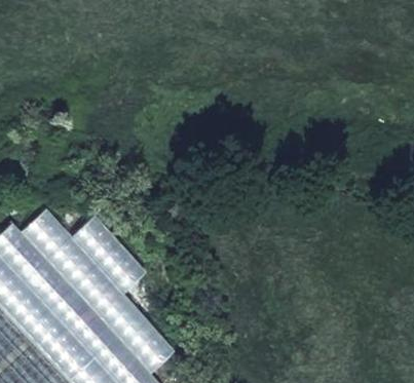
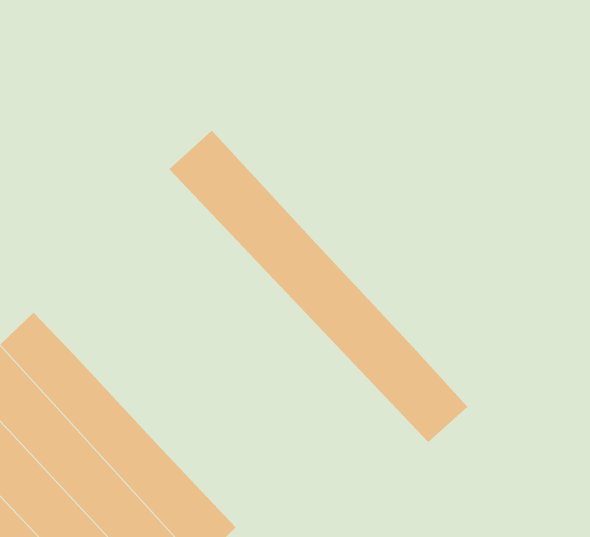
building: none -> [168,130,468,443]
building: [70,215,147,295] -> none

